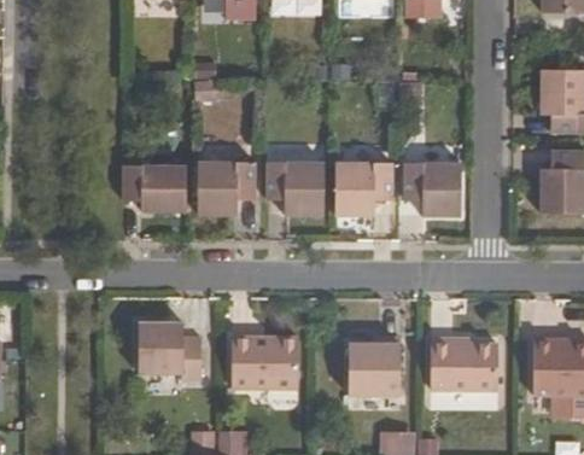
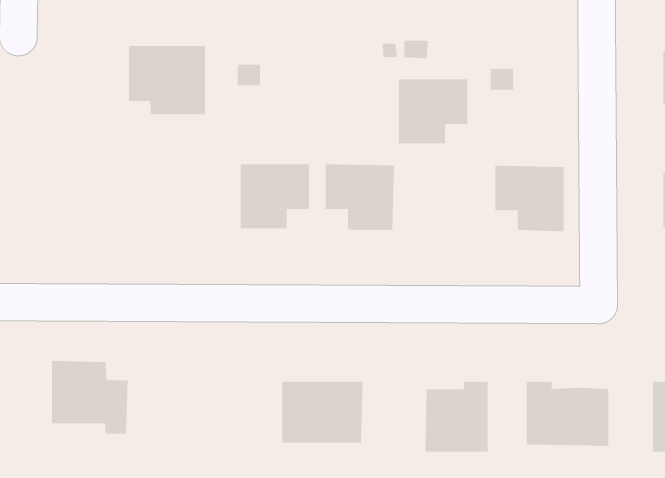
building: [335,163,392,216] -> [398,79,468,144]
building: [123,165,186,222] -> [128,45,206,115]
building: [138,321,200,381] -> [51,360,128,435]

